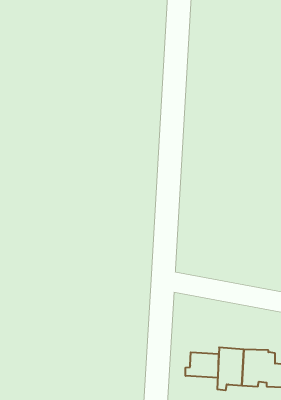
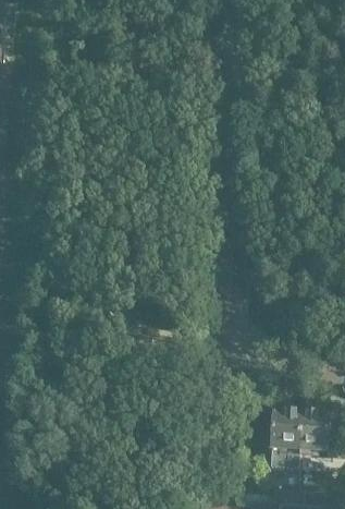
building: [186,352,219,378] -> none

